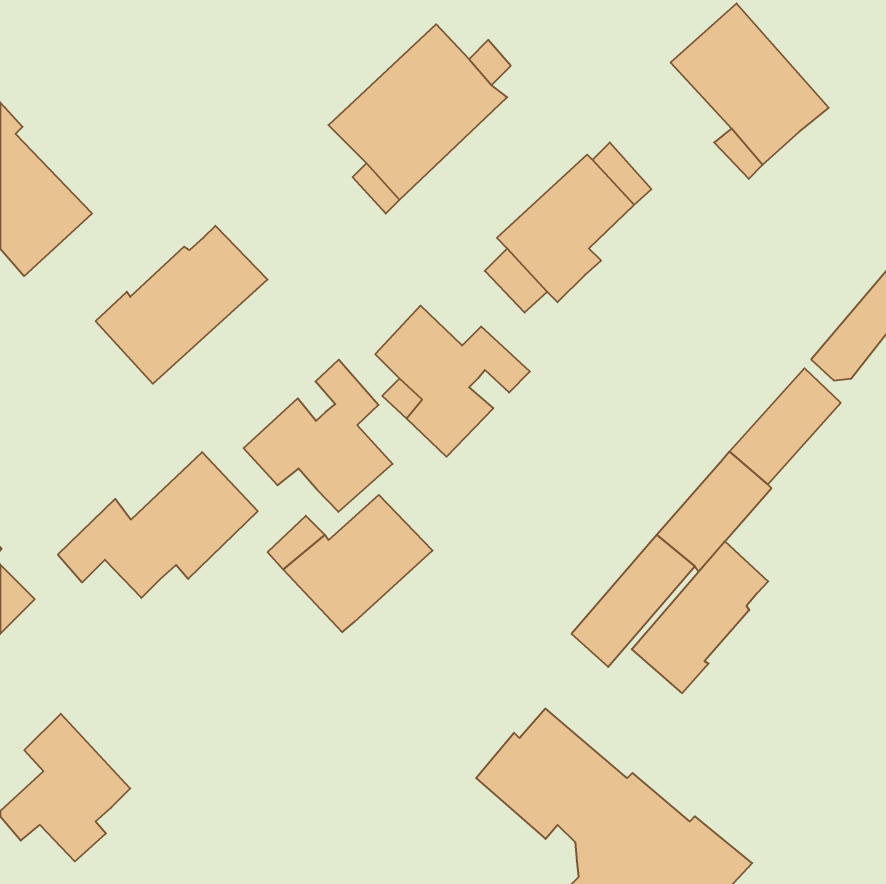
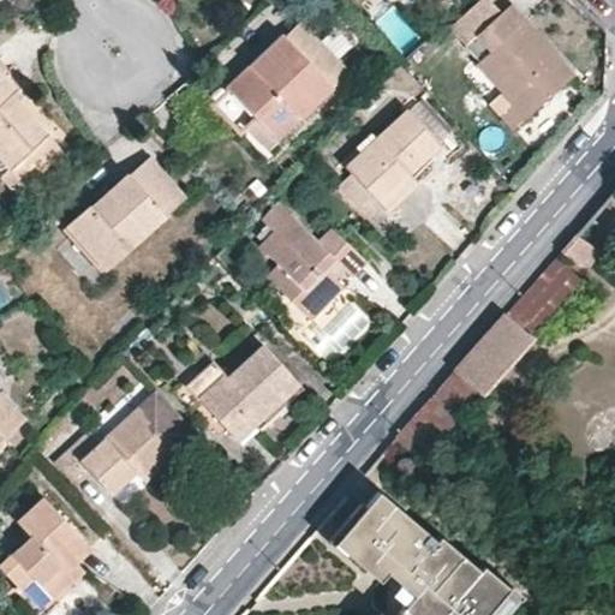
building: [244,360,393,512] -> none
building: [58,452,258,598] -> [55,393,193,494]
building: [632,541,768,693] -> none

